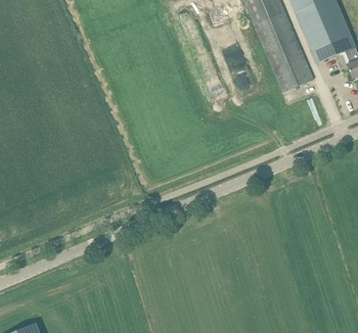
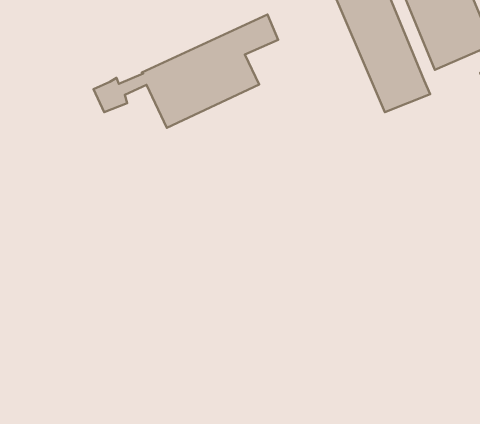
building: none -> [93,15,278,128]

